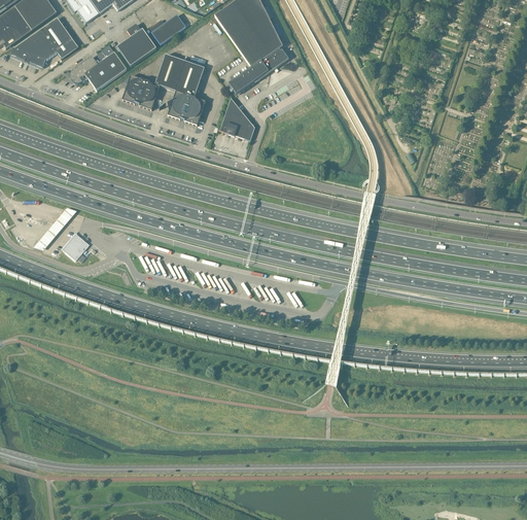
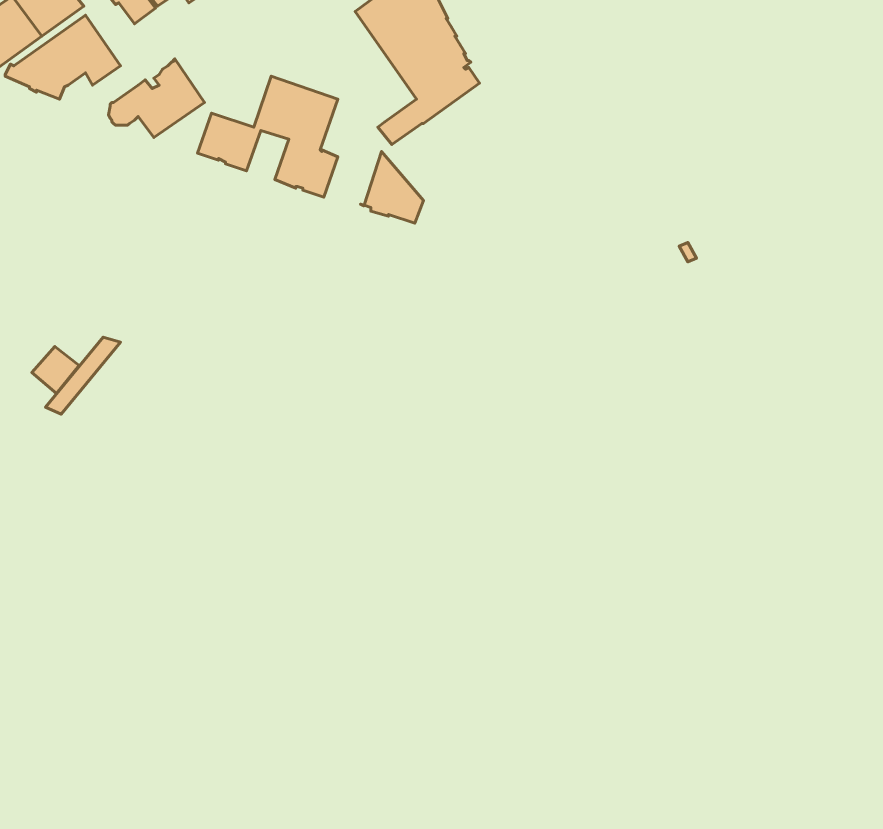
building: [148,12,186,43] -> none
building: [117,22,156,65] -> none
building: [60,234,87,262] -> [32,346,79,394]

